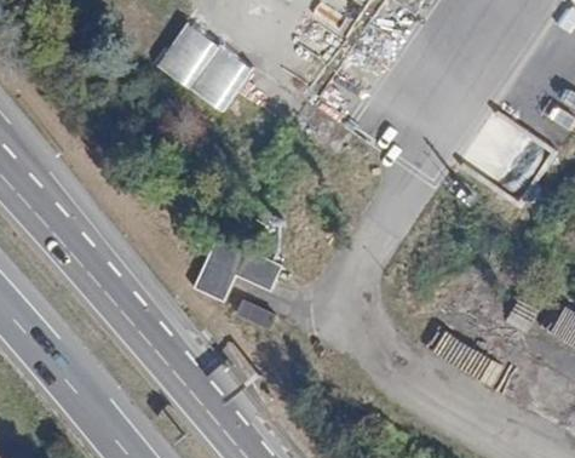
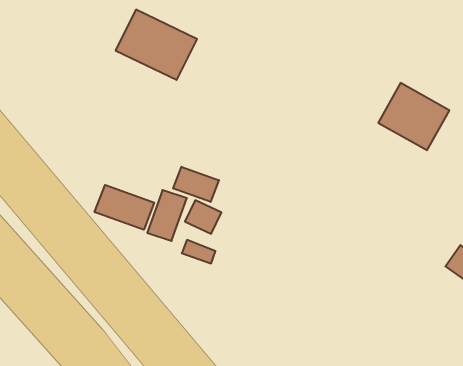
building: none -> [173,167,219,202]
building: none -> [95,185,154,230]

